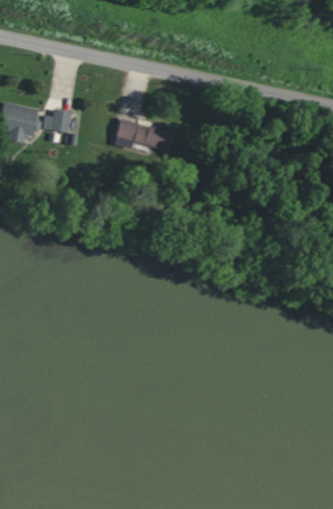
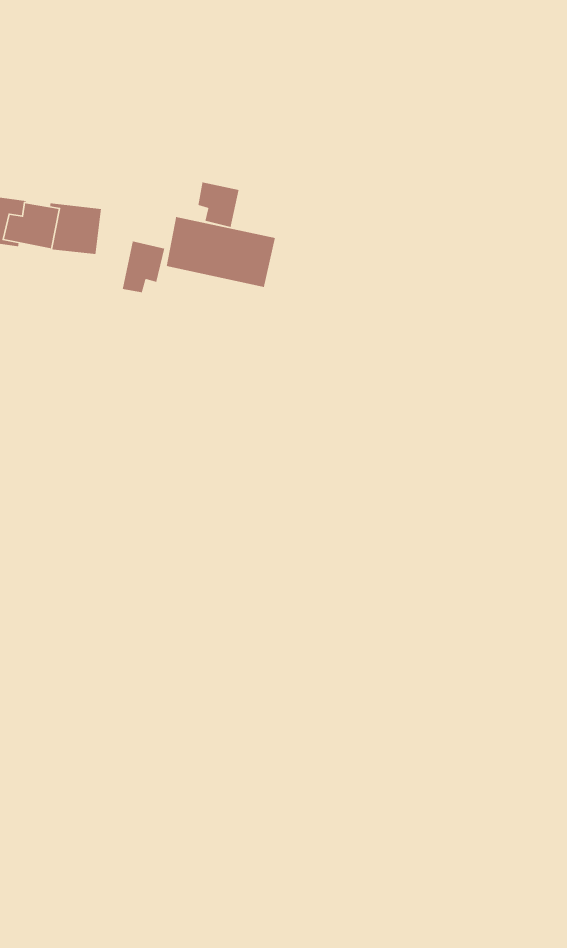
building: none -> [197,182,240,228]
building: none -> [122,241,165,293]

